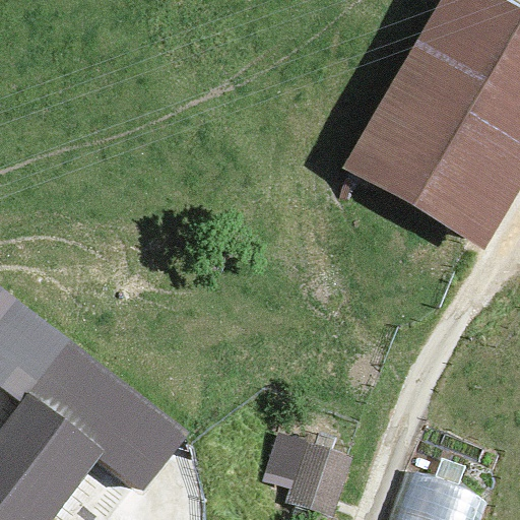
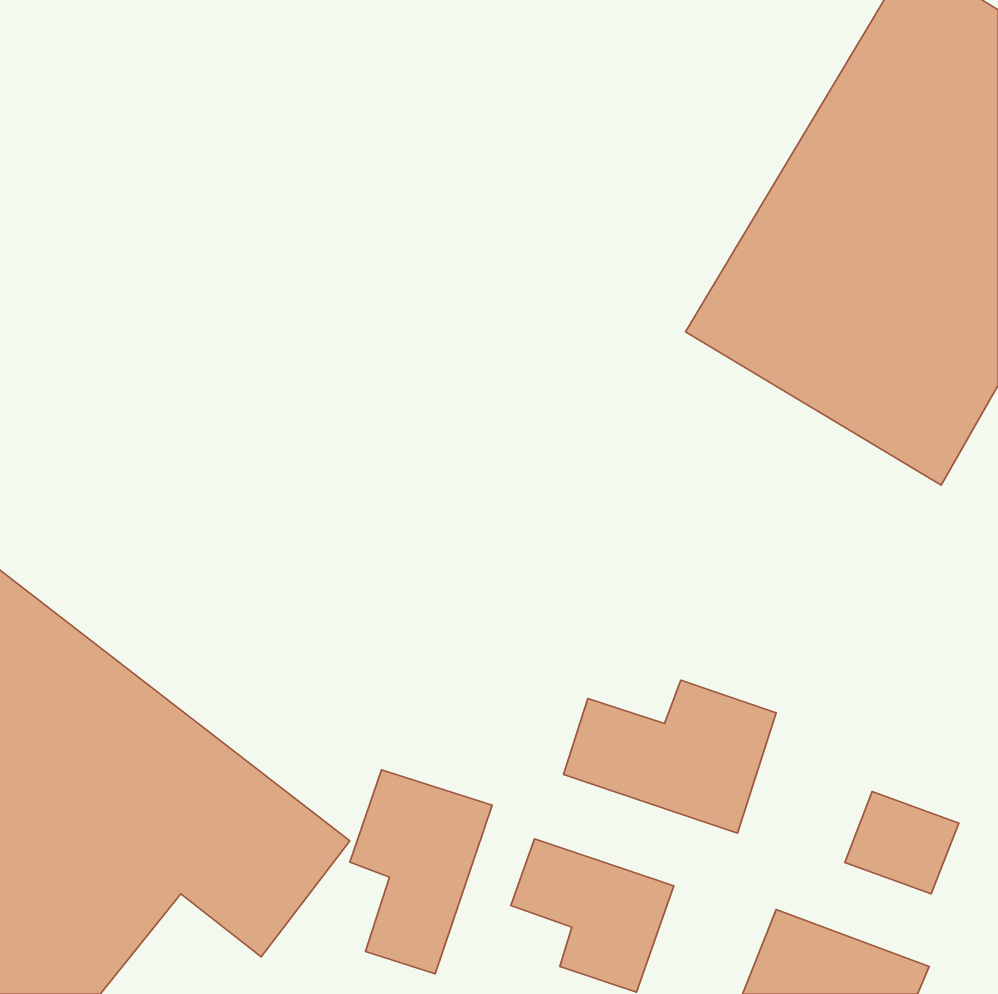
building: none -> [563,680,776,833]
building: none -> [350,770,492,974]

